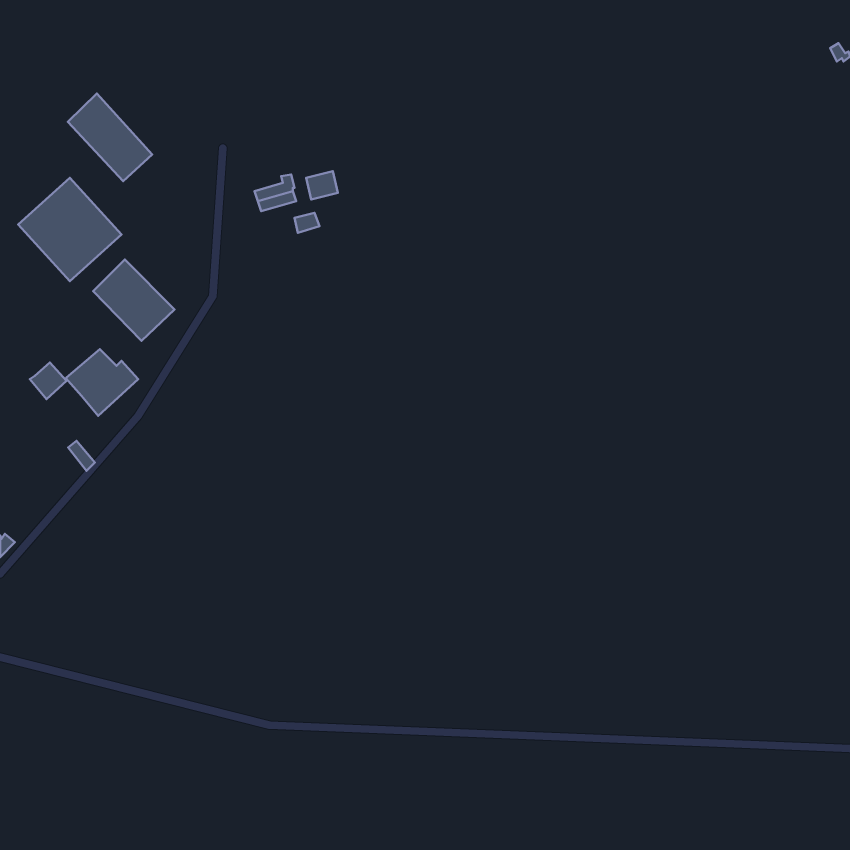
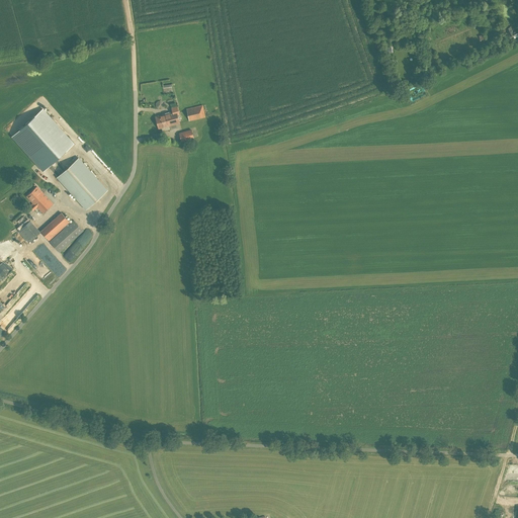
building: [68,94,152,181] -> none
building: none -> [26,186,54,213]

